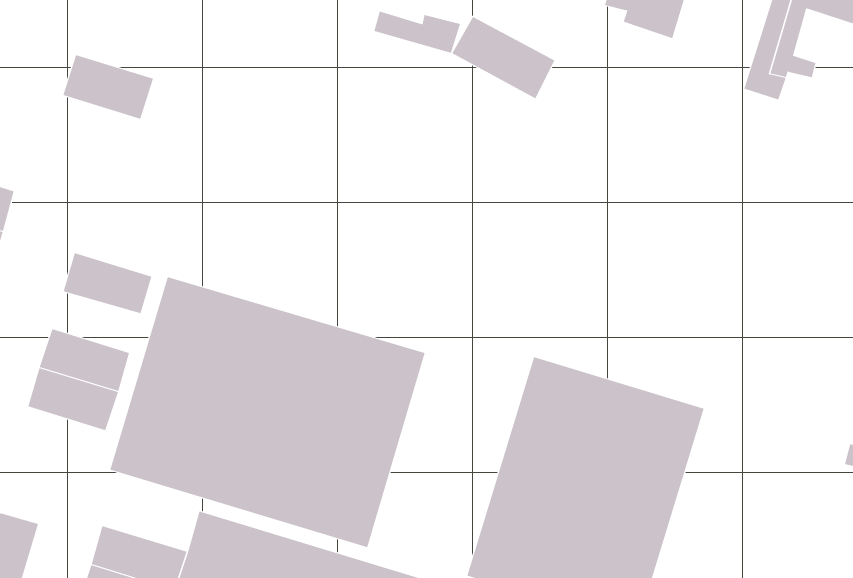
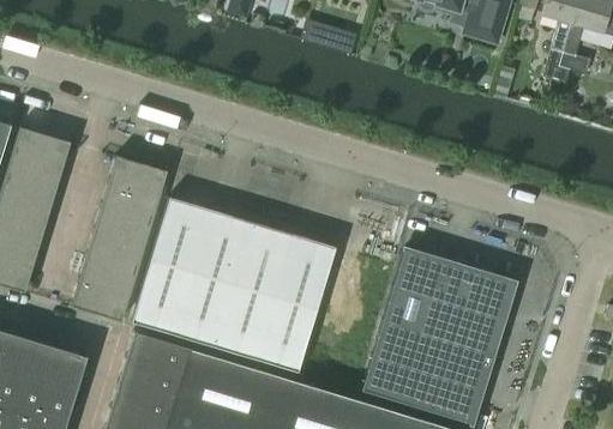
building: [452,16,555,99] -> none
building: [63,54,154,119] -> [109,155,168,197]
building: none -> [95,206,152,246]
building: none -> [72,280,130,321]
building: none -> [127,331,190,374]

